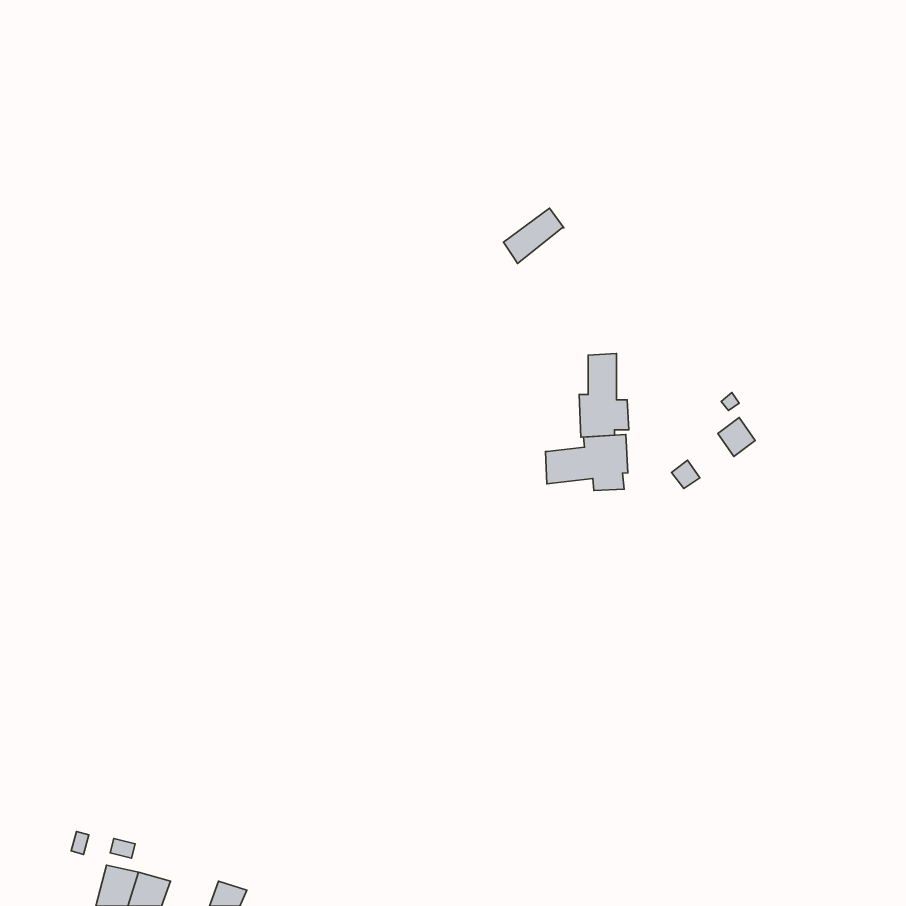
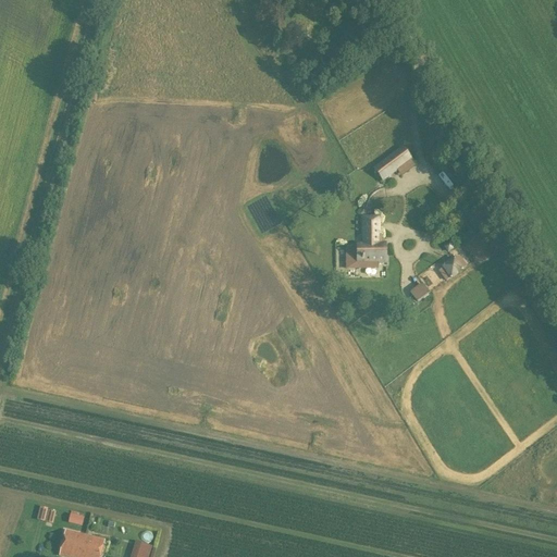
building: [503,208,564,263] -> [372,148,409,182]
building: [546,435,628,491] -> none

